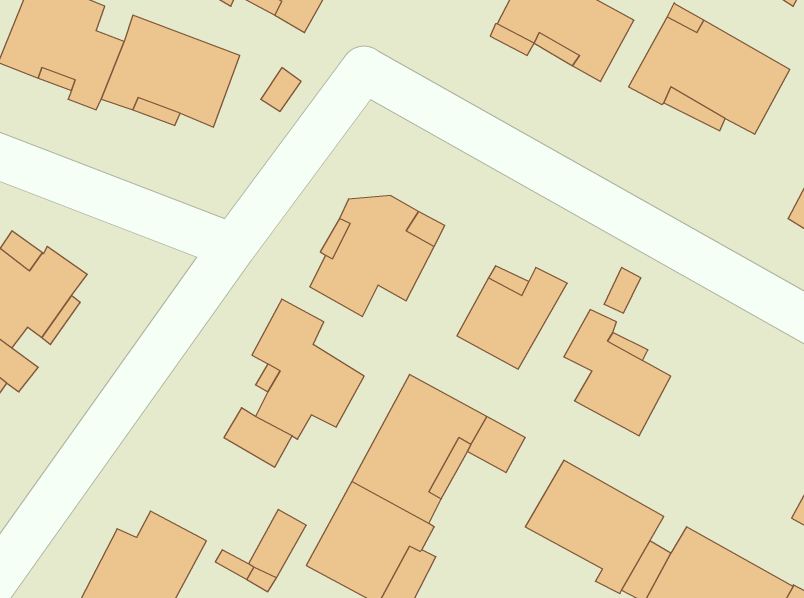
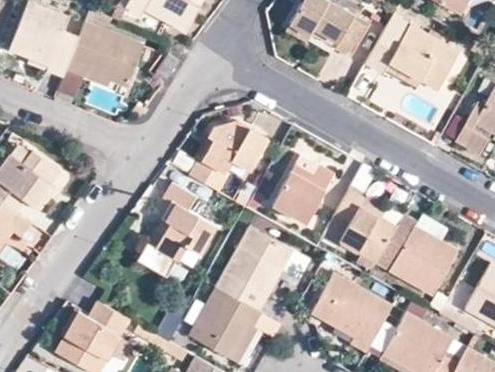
building: none -> [374,213,453,290]

